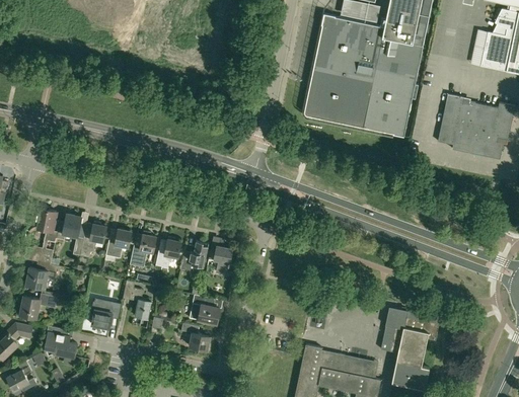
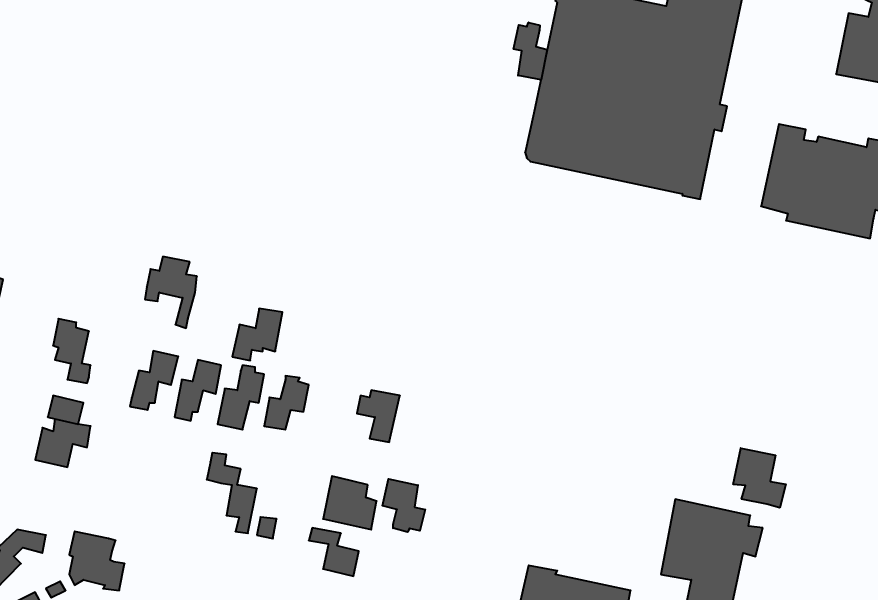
building: none -> [514,22,547,80]
building: [57,215,86,255] -> [145,257,197,328]
building: [180,242,209,271] -> [232,309,282,360]
building: none -> [733,448,786,508]
building: [20,295,58,319] -> none
building: none -> [382,479,425,532]
building: [91,302,122,329] -> none

